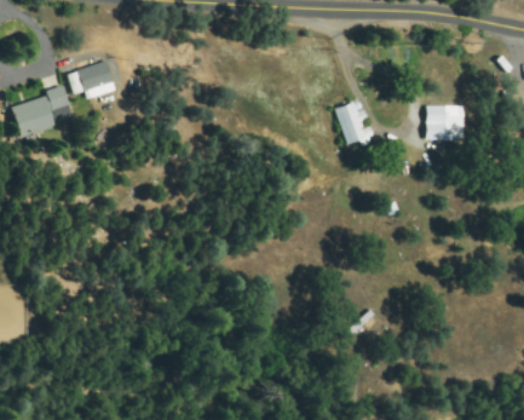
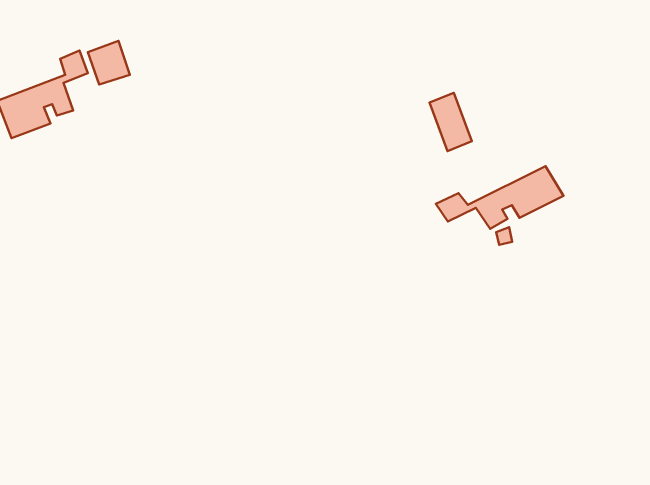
building: [431,107,460,137] -> none
building: none -> [436,166,564,229]

